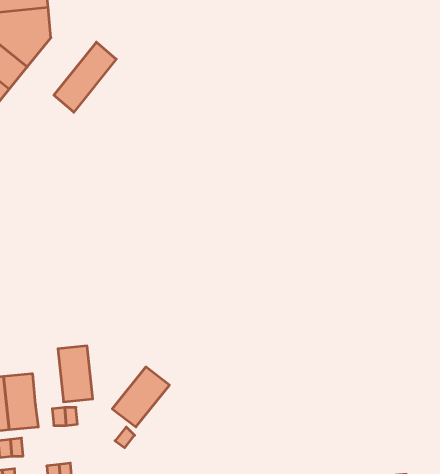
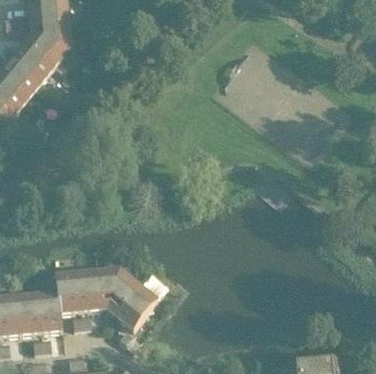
building: [54,42,116,112] -> none
building: none -> [98,266,141,315]
building: none -> [55,271,80,312]

